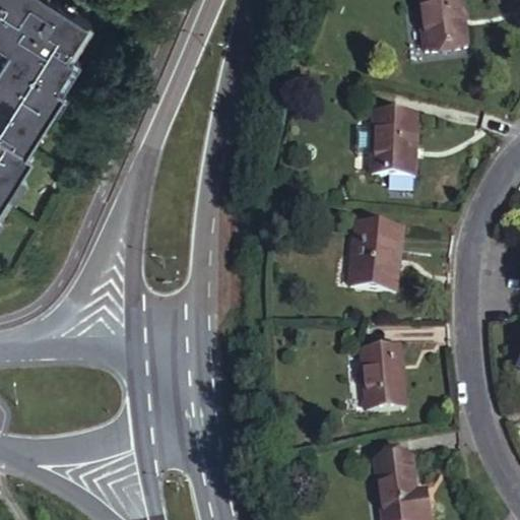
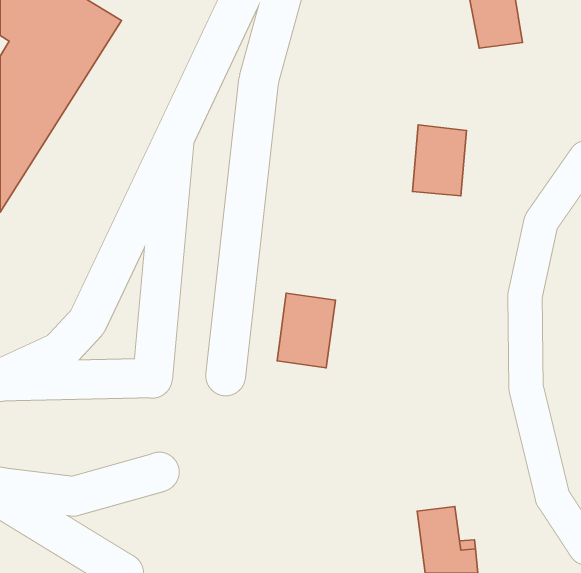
building: [343,220,395,286] -> [277,293,335,368]
building: [356,343,403,406] -> none

